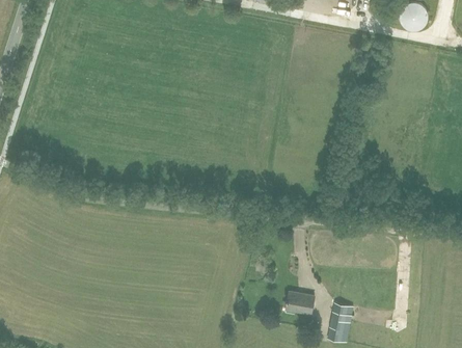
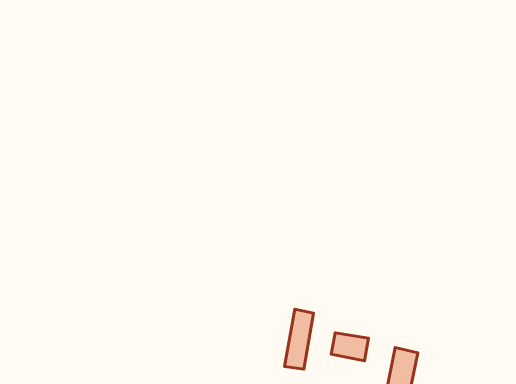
building: none -> [285,309,313,369]

